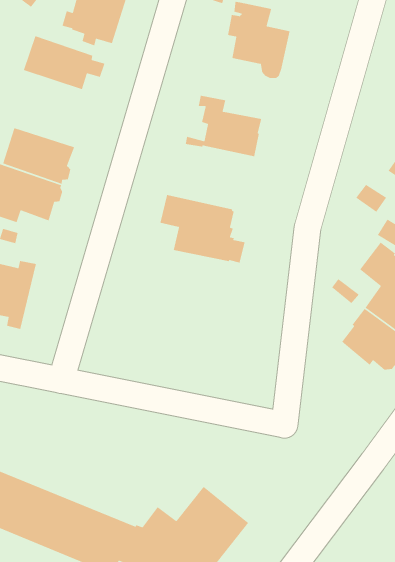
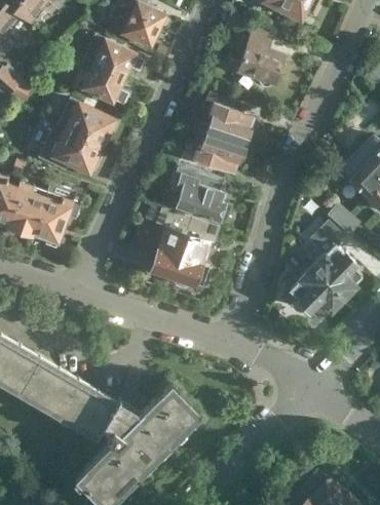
building: none -> [77,59,128,106]
building: none -> [183,132,244,174]
building: none -> [148,206,220,288]

